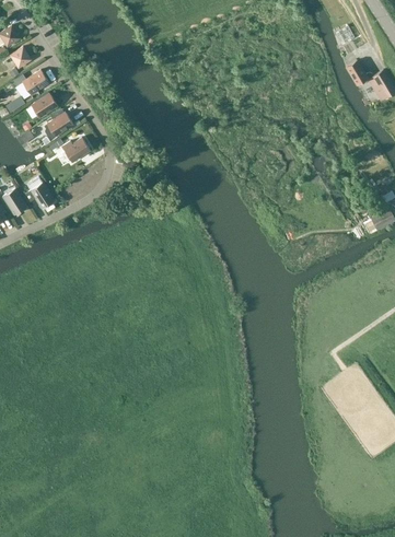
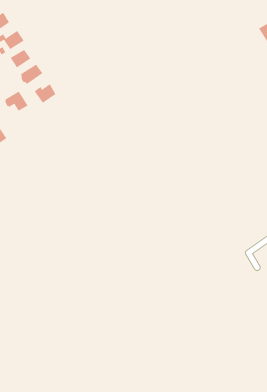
building: [24,182,55,208] -> [4,91,29,111]

